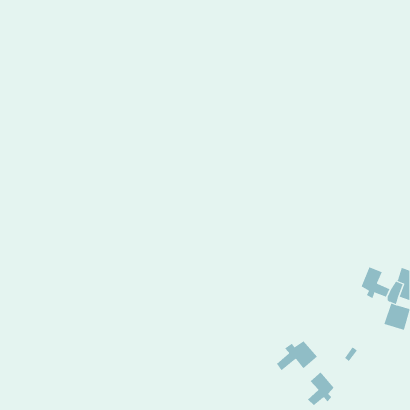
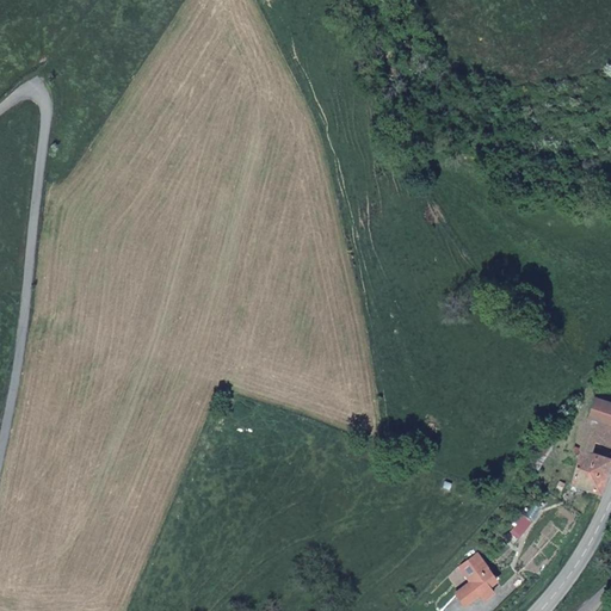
building: [361,267,390,299] -> none
building: [276,341,318,371] -> none

